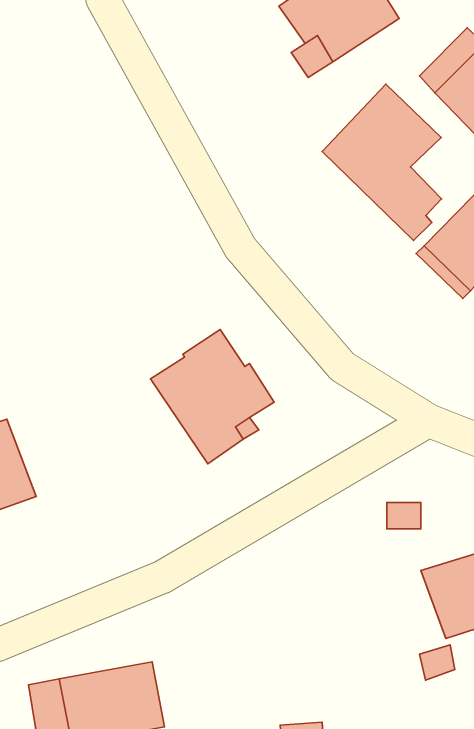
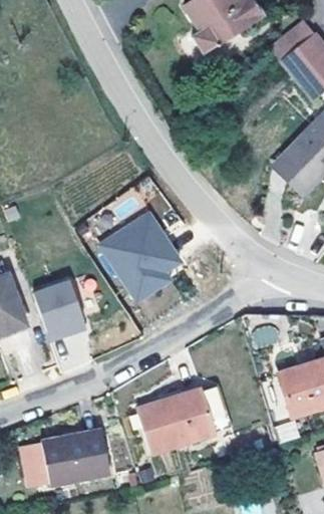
building: [322,84,441,241] -> none
building: none -> [33,282,86,342]
building: none -> [136,389,215,453]

